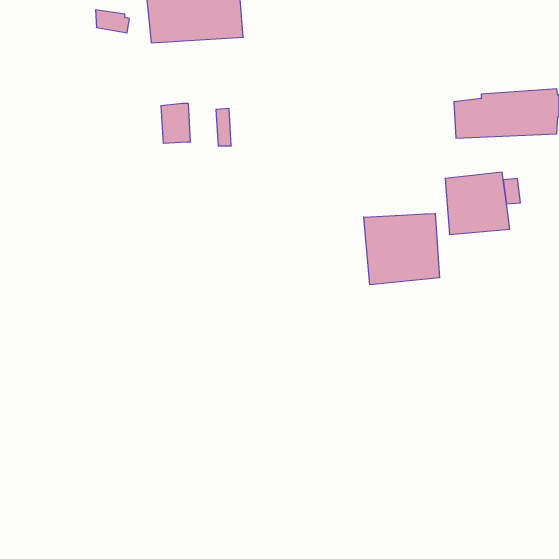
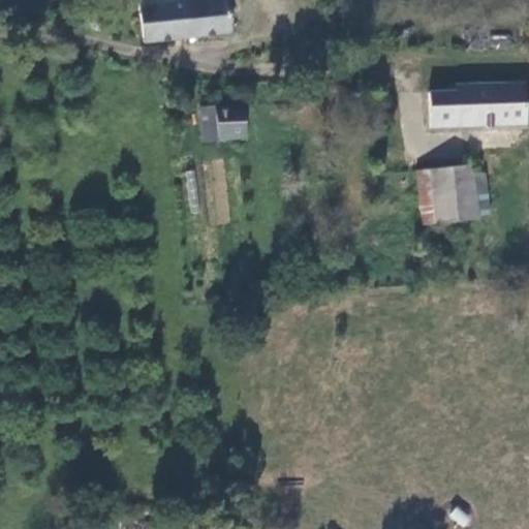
building: [161,104,191,143] -> [216,100,244,137]
building: [364,213,439,285] -> none

